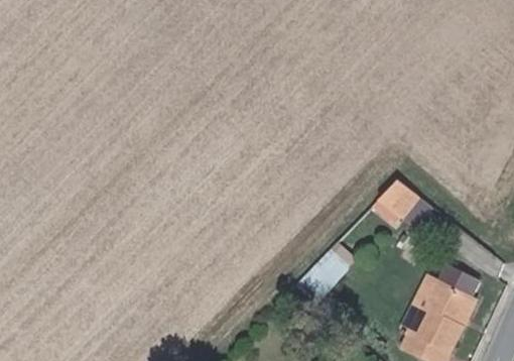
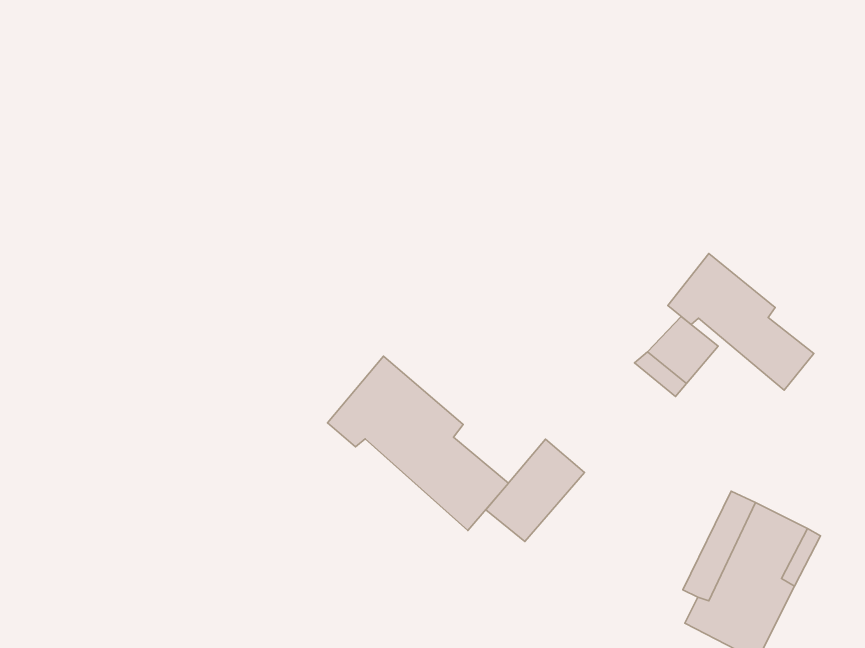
building: none -> [668,254,814,390]
building: none -> [328,356,508,530]

